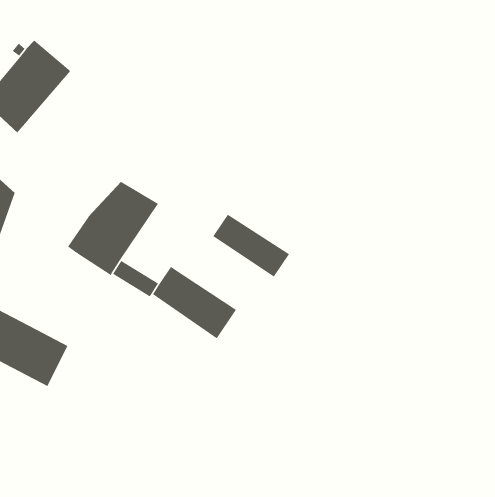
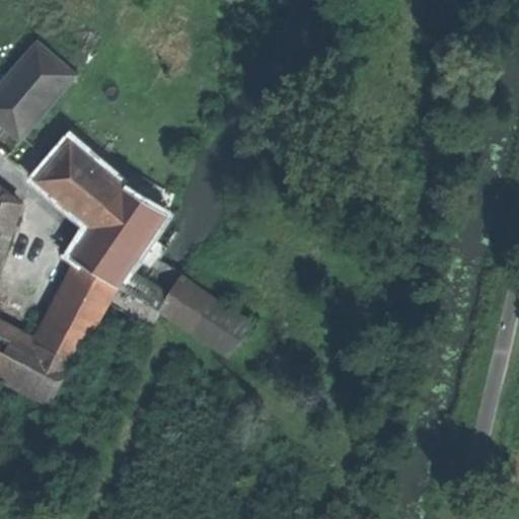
building: none -> [36,141,126,225]
building: [213,214,290,278] -> none
building: none -> [39,264,116,361]

